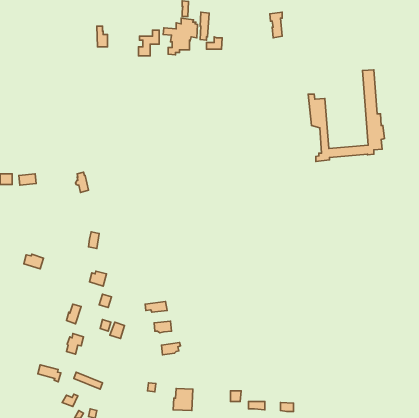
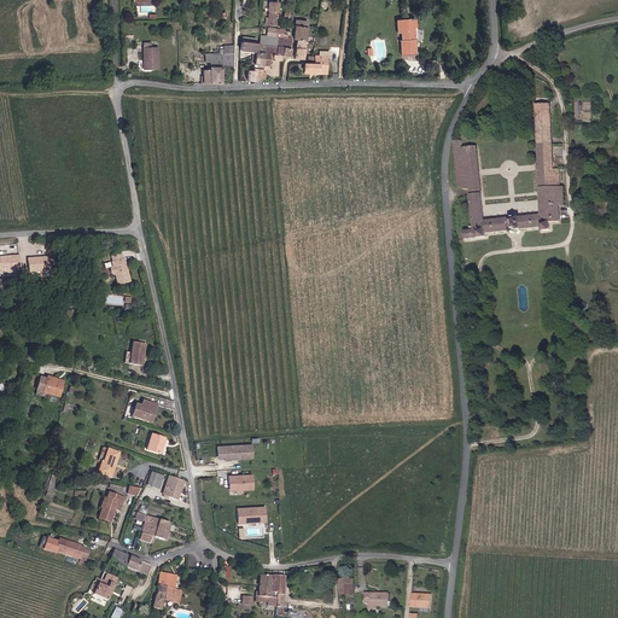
building: none -> [140,514,169,541]
building: none -> [151,571,181,607]

